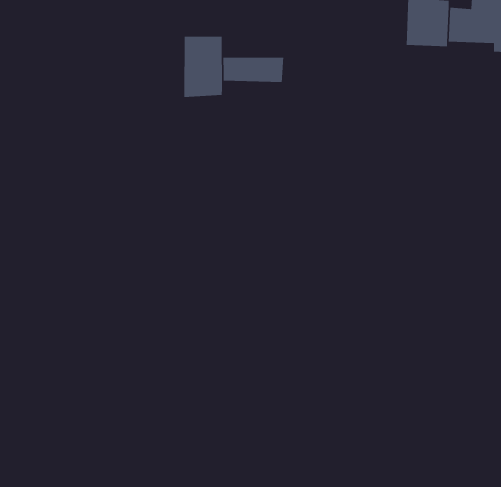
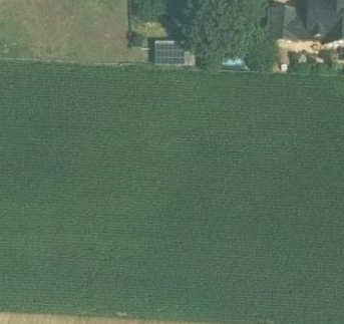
building: [184,36,223,98] -> none

